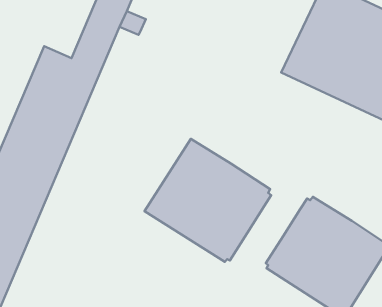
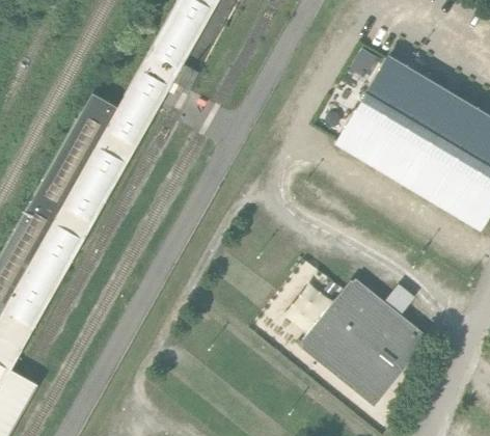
building: [144,139,271,262] -> none

